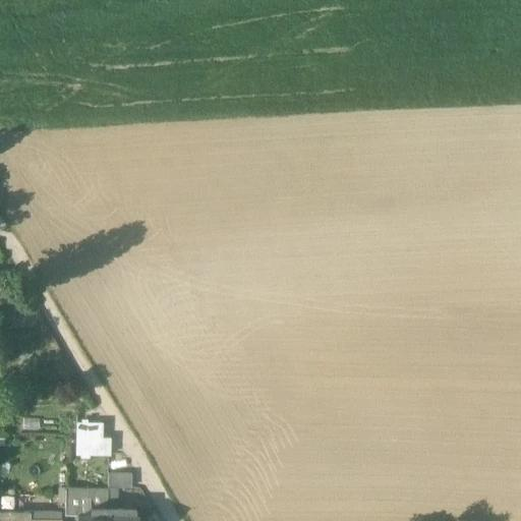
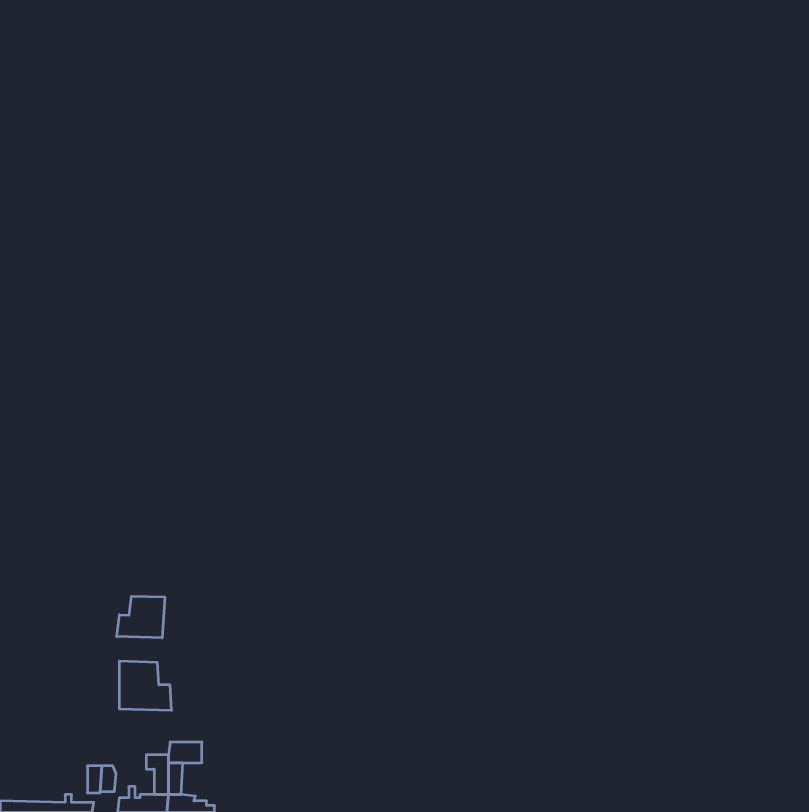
building: none -> [117,596,165,638]

